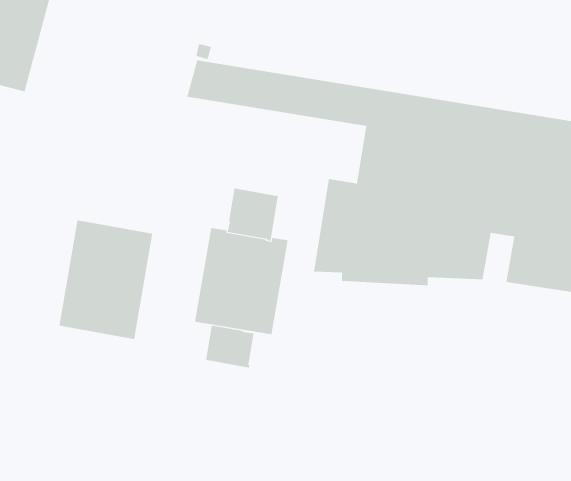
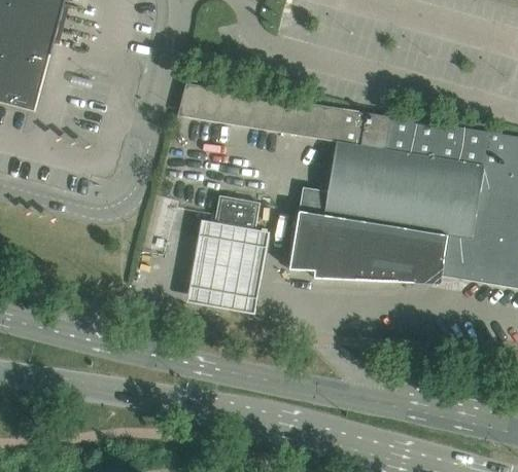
building: [59,219,153,340] -> none
building: [205,325,254,369] -> none

